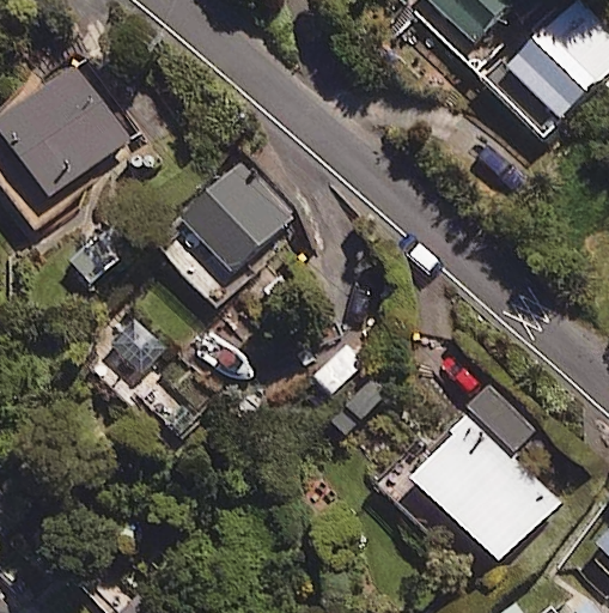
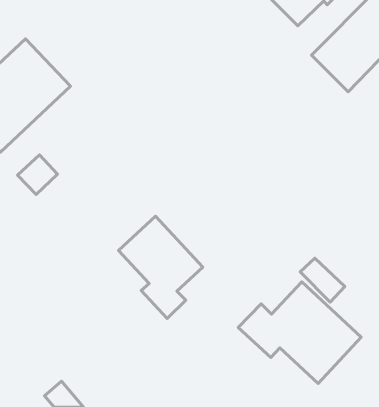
building: [160,158,293,306] -> none
building: none -> [118,216,203,318]

